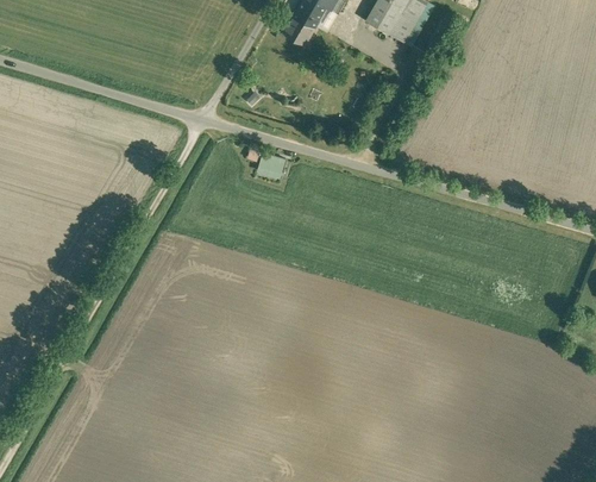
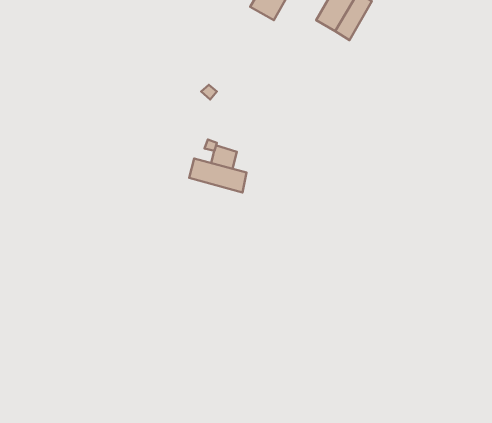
building: [283,8,320,46] -> none
building: none -> [189,159,247,193]

